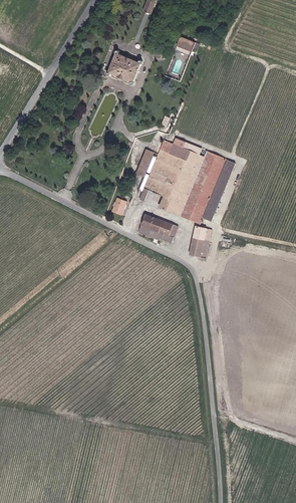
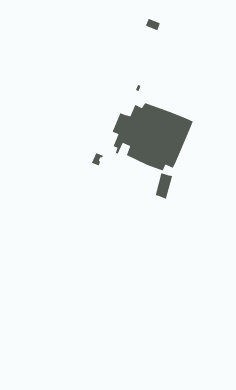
building: [106,51,141,85] -> none
building: [137,211,177,240] -> none

